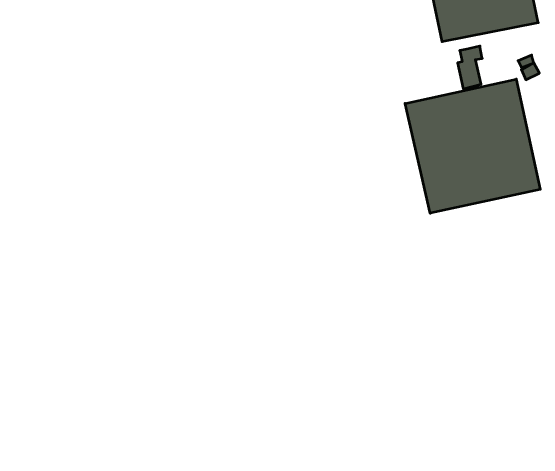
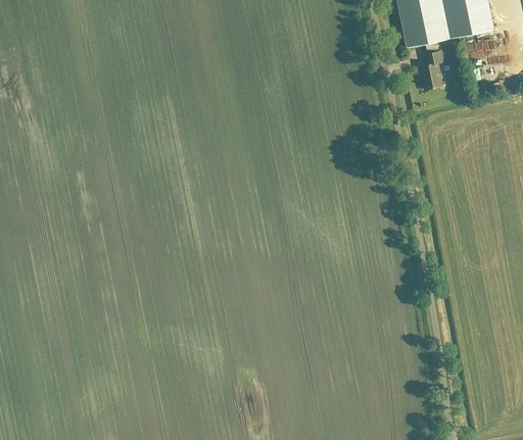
building: [405,79,540,213] -> none

